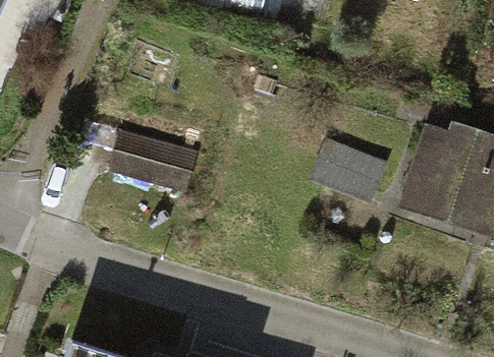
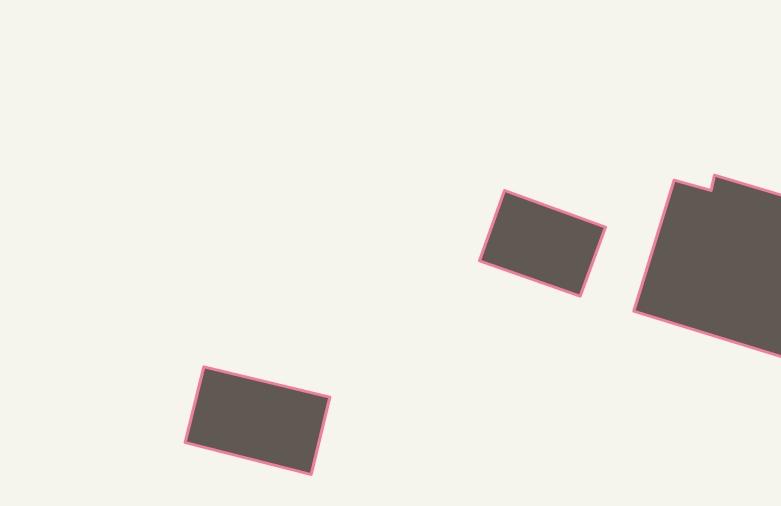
building: [109,128,197,193] -> [185,367,330,474]

